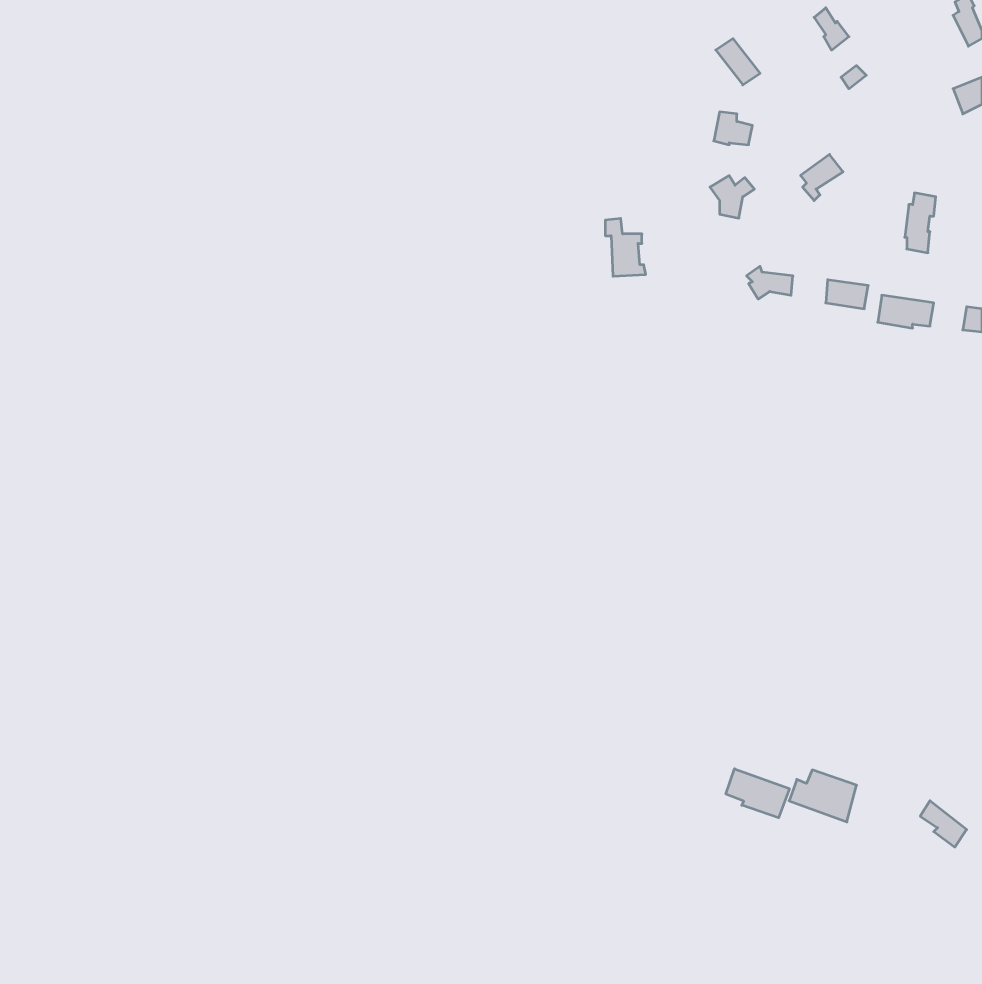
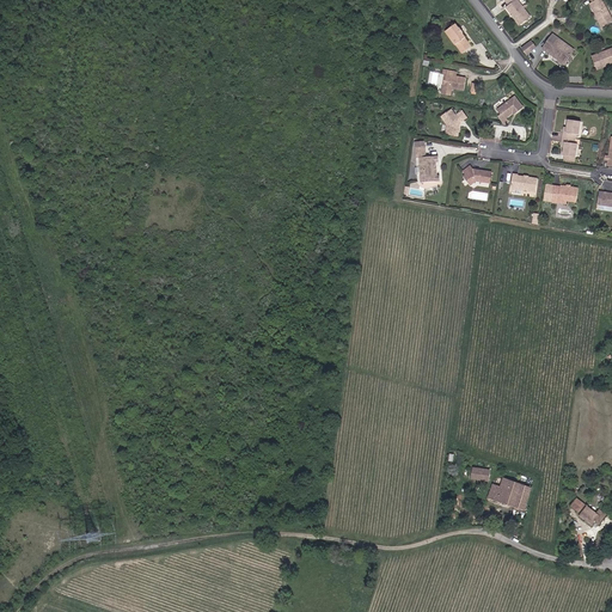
building: none -> [540,33,574,65]
building: [605,218,646,276] -> [416,146,441,182]
building: [726,769,789,818] -> none

